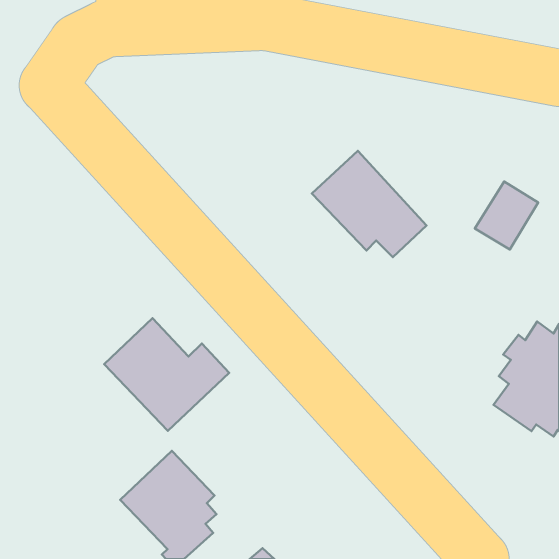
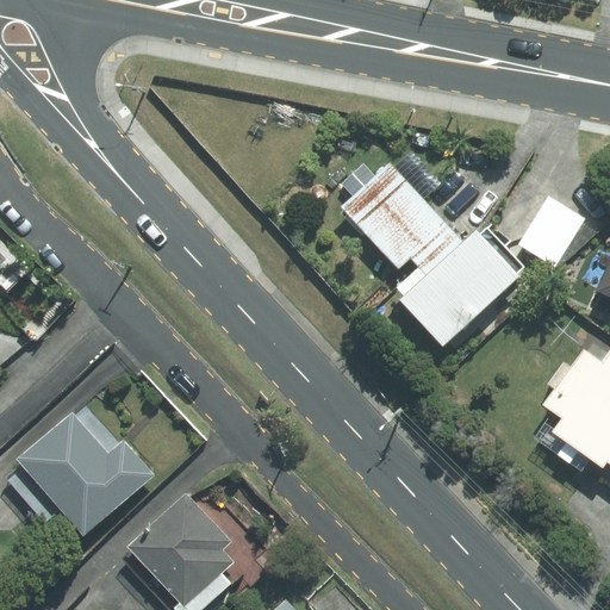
building: none -> [397,235,519,351]
building: [104,318,229,431] -> [17,406,152,529]

